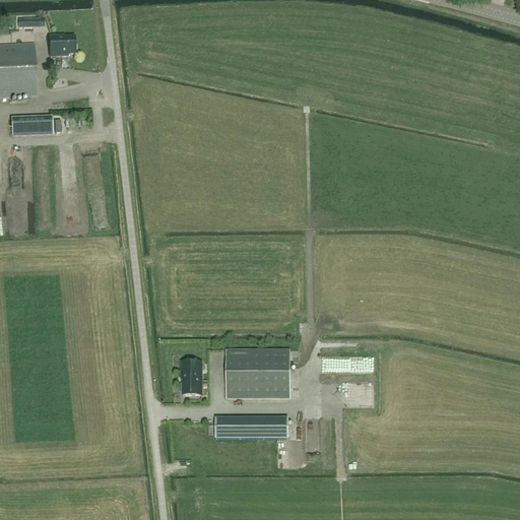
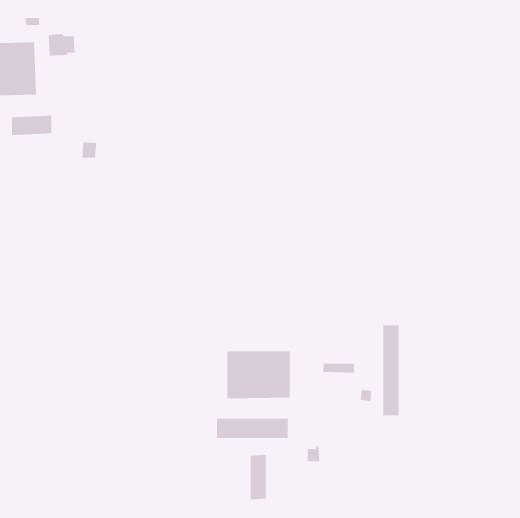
building: none -> [383,325,399,416]
building: [181,361,201,394] -> none
building: none -> [250,454,266,500]

